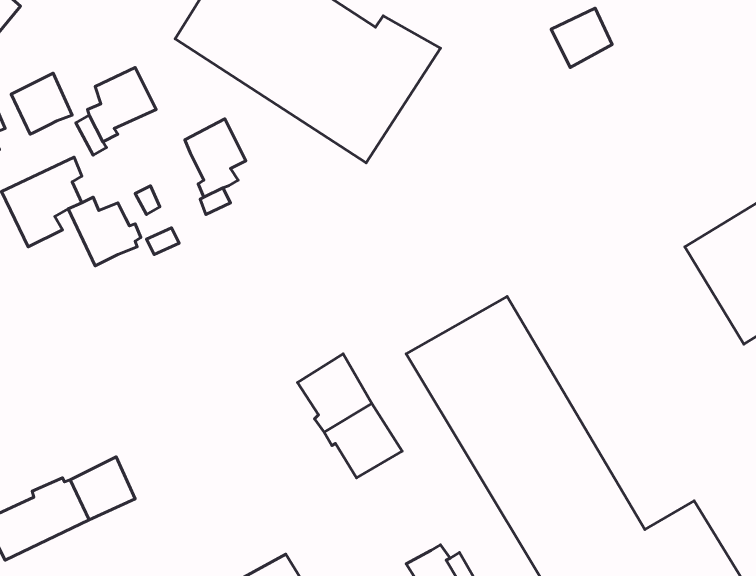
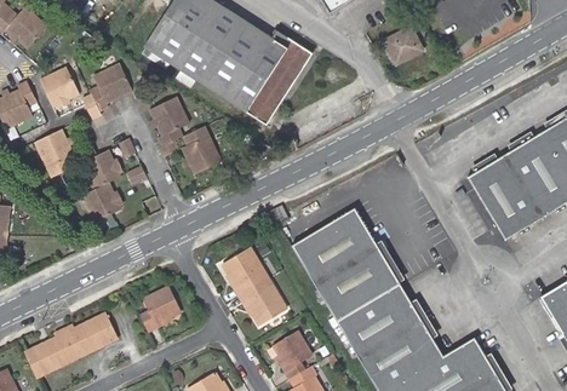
building: none -> [178,126,222,174]
building: none -> [81,183,122,222]
building: none -> [141,287,181,332]
building: none -> [275,332,314,379]

